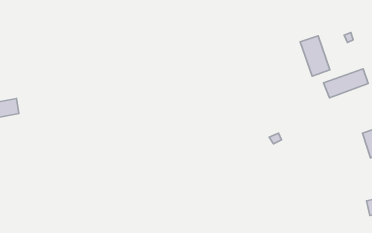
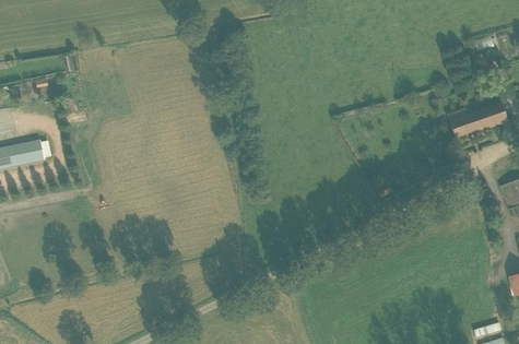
building: [300,36,330,76] -> none

